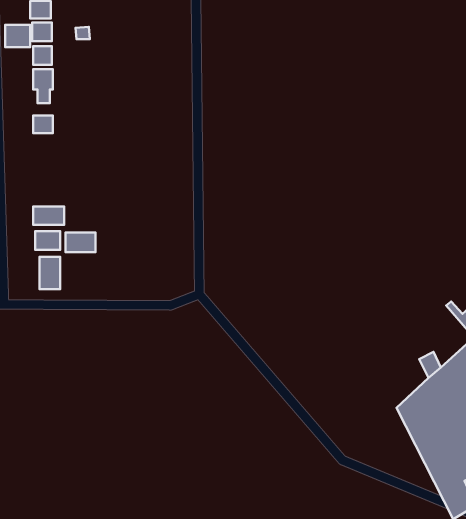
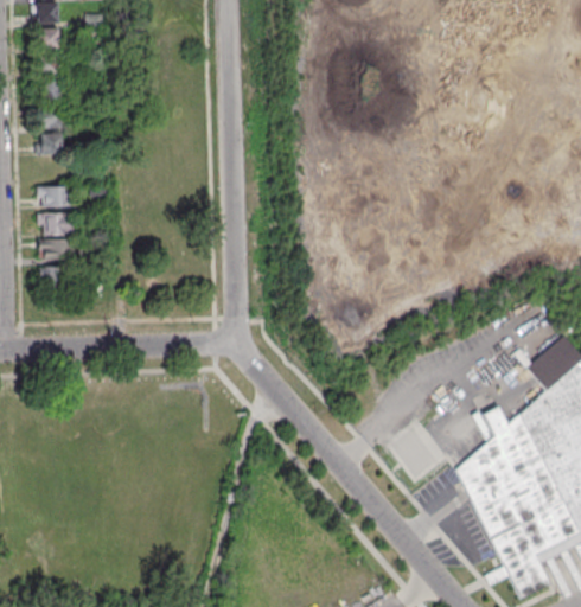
building: [5,25,30,47] -> none
building: none -> [39,187,75,207]
building: [66,233,95,252] -> [39,213,74,236]
building: [39,257,60,289] -> none

